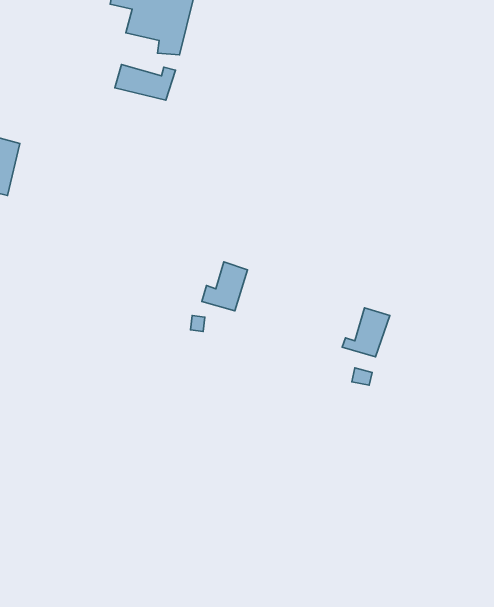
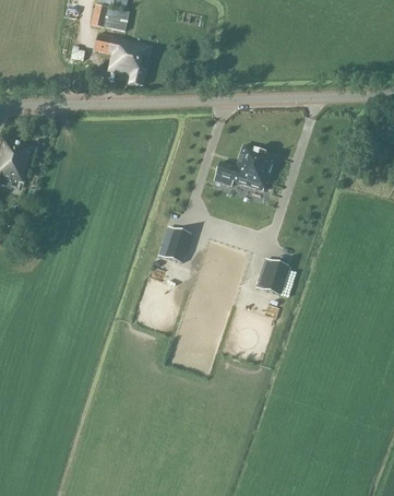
building: [115,64,175,100] -> none
building: none -> [213,144,276,189]

